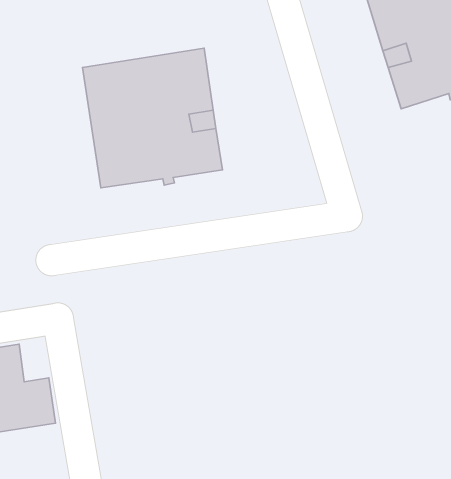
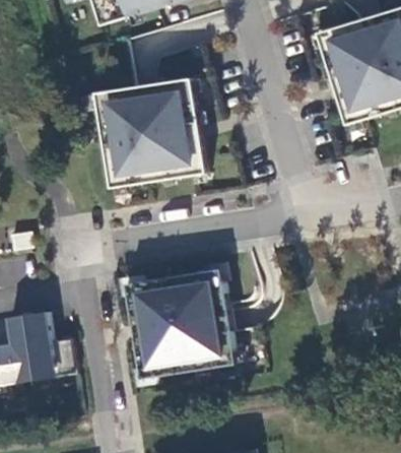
building: none -> [127,268,237,378]

